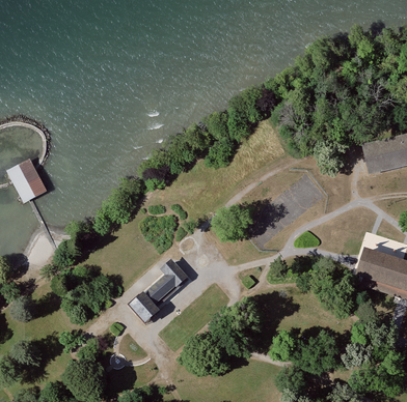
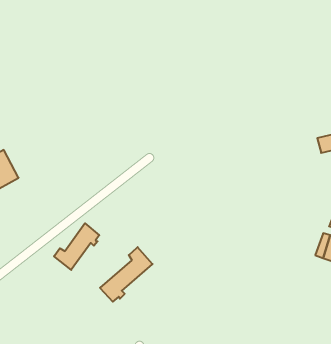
building: none -> [54,223,99,270]

